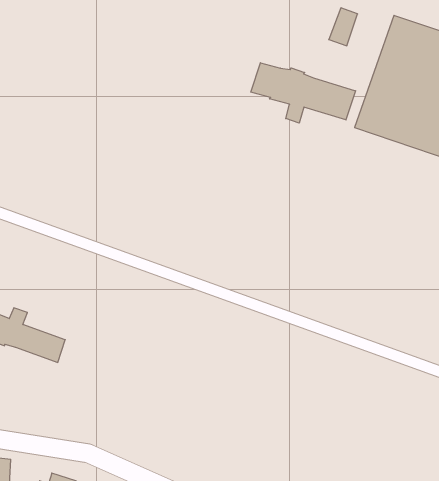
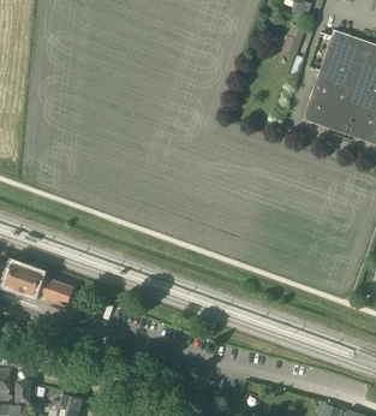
building: [251,63,356,123] -> none

